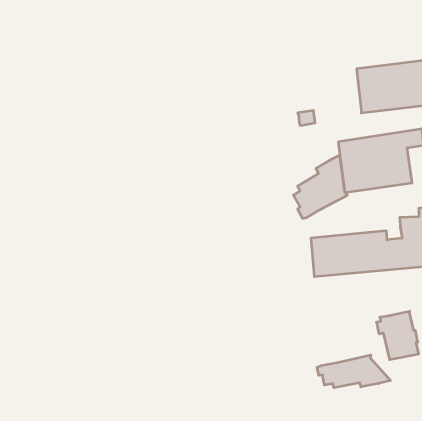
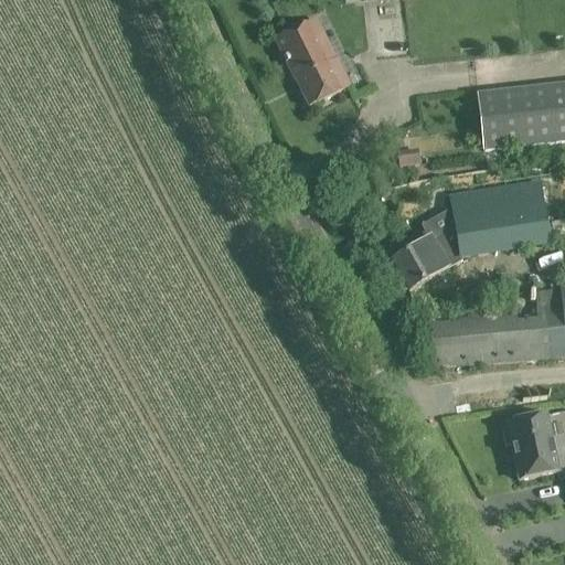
building: none -> [277,18,352,105]
building: [317,355,390,388] -> none

